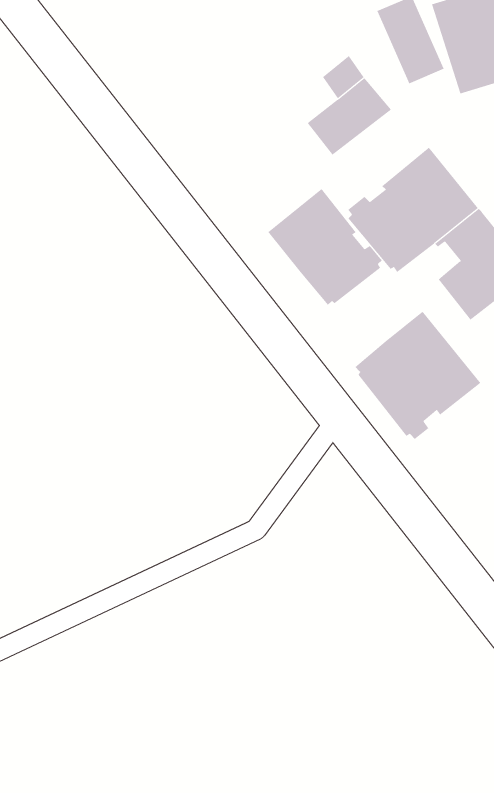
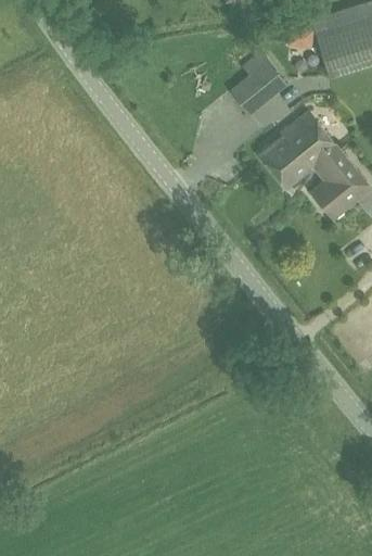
building: [267,188,382,306] -> none
building: [355,311,481,440] -> none

